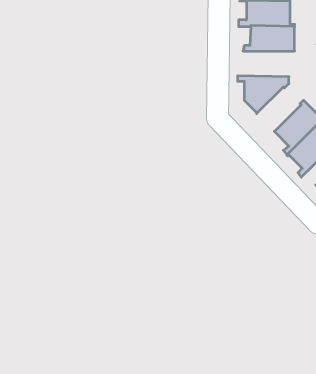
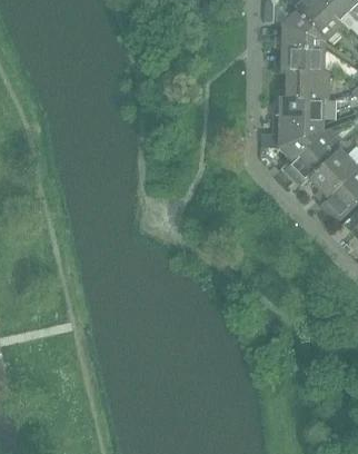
building: none -> [272,96,329,121]
building: none -> [287,131,336,185]

